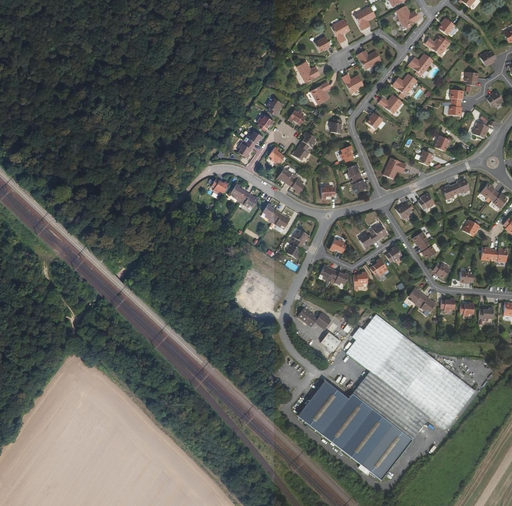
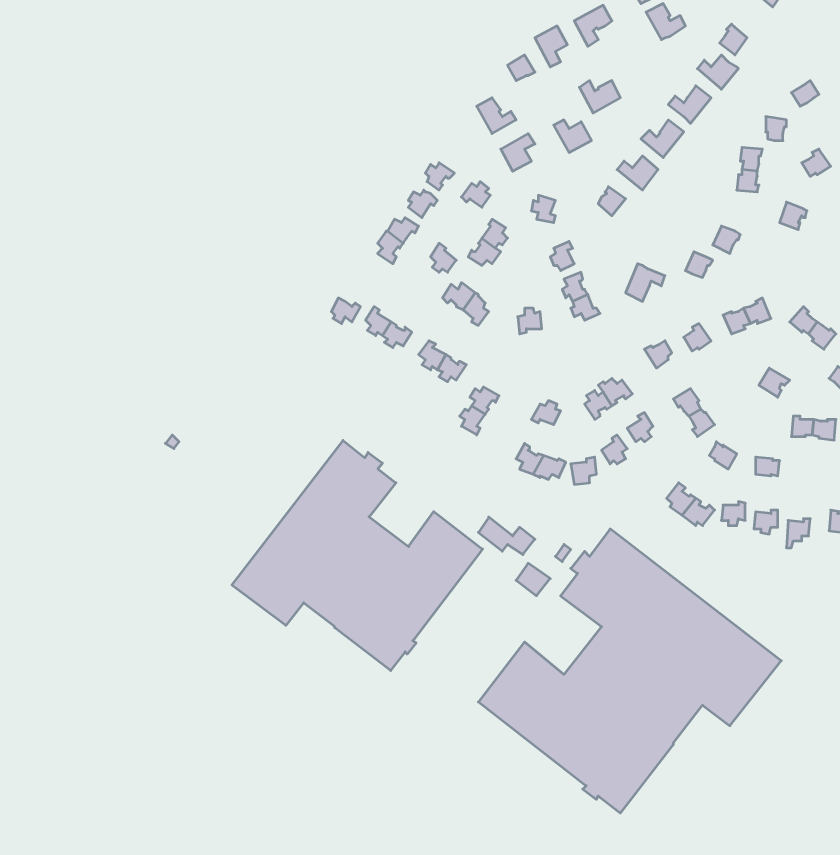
building: none -> [232,440,483,671]

